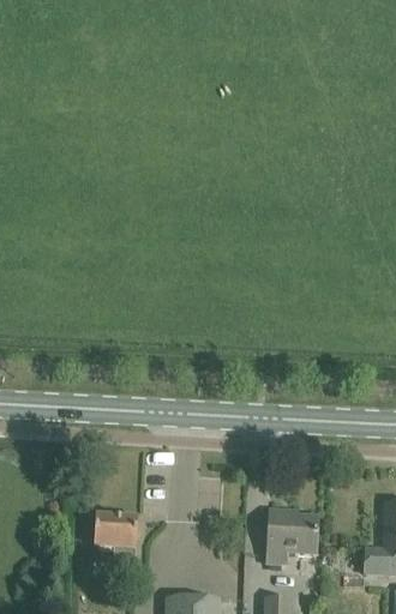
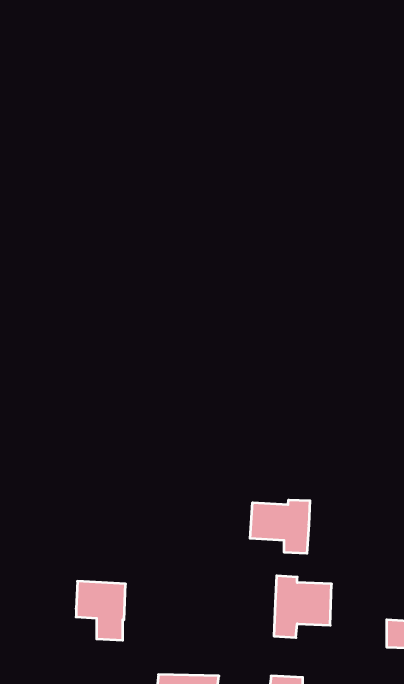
building: none -> [250,500,310,553]

